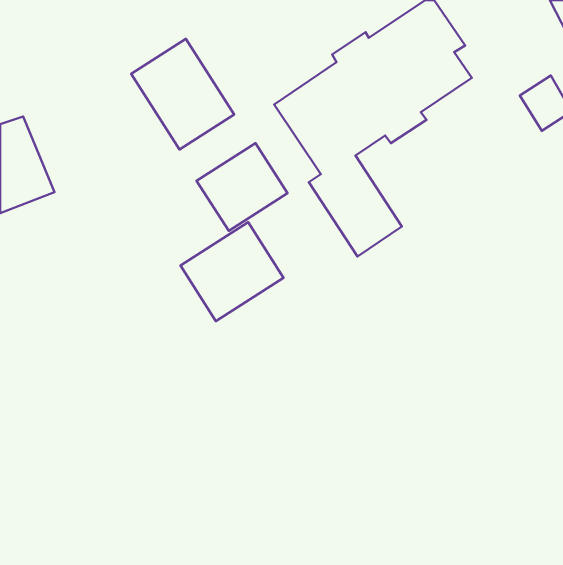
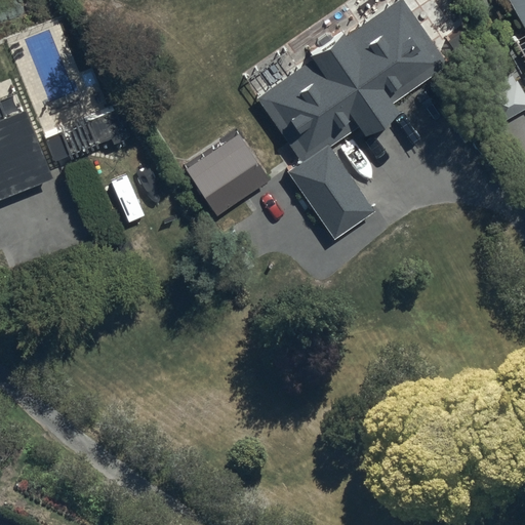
building: [131,39,234,149] -> none
building: [180,222,284,321] -> none

